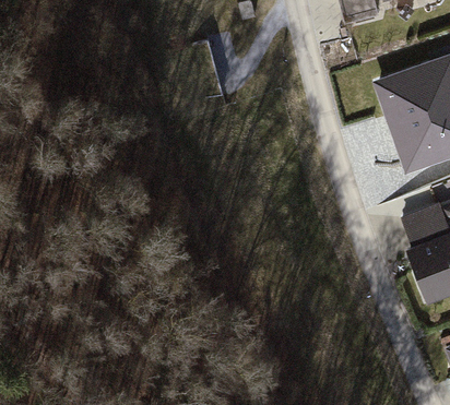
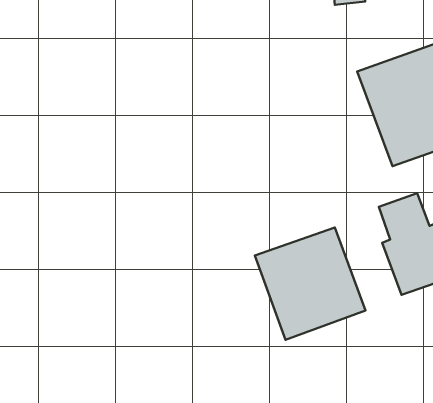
building: none -> [255,228,365,340]

